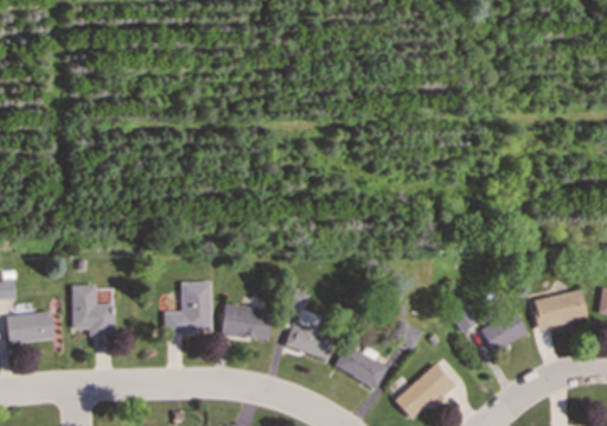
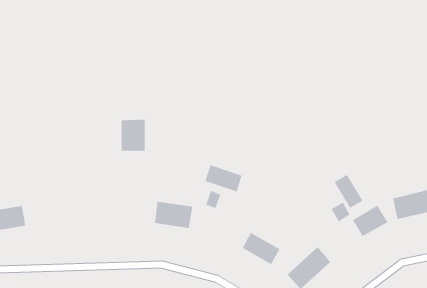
building: none -> [334,174,363,209]
building: [179,281,211,324] -> [121,119,145,152]
building: [71,285,115,335] -> none
building: [286,323,336,360] -> [204,164,243,192]

